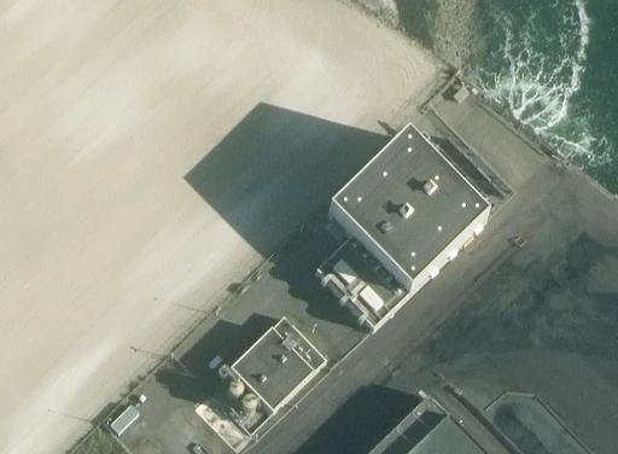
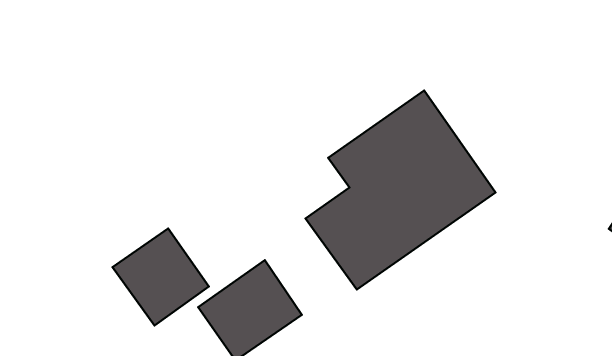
building: none -> [113,228,209,326]

